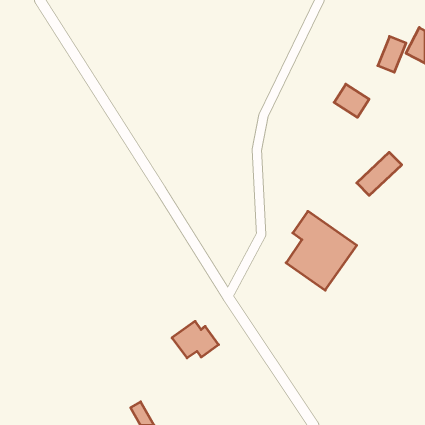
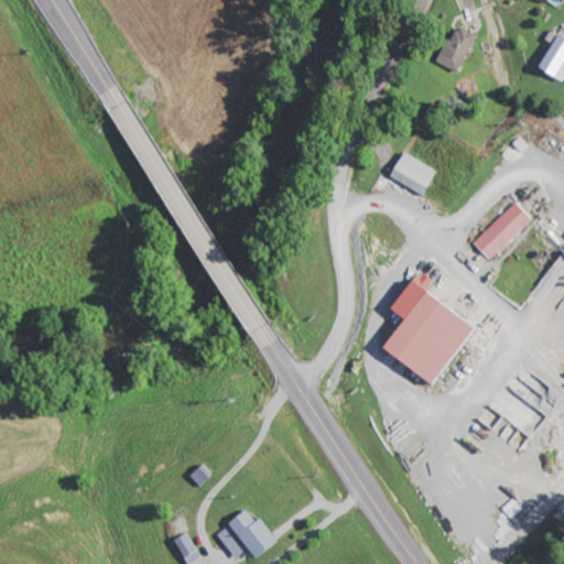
building: [378,36,406,72] -> [438,25,476,73]
building: [334,84,369,117] -> [389,151,435,195]
building: [172,321,219,358] -> [215,510,276,558]

